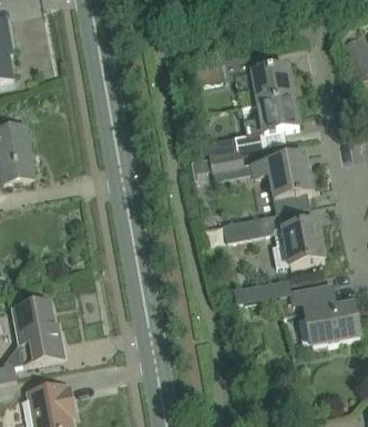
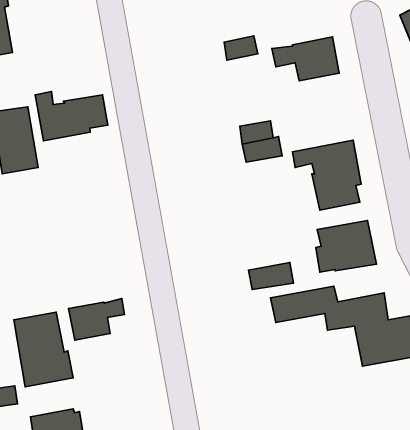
building: [243,95,298,135] -> none
building: none -> [35,92,108,141]
building: [223,217,262,240] -> [248,262,294,289]
building: none -> [69,299,124,340]

